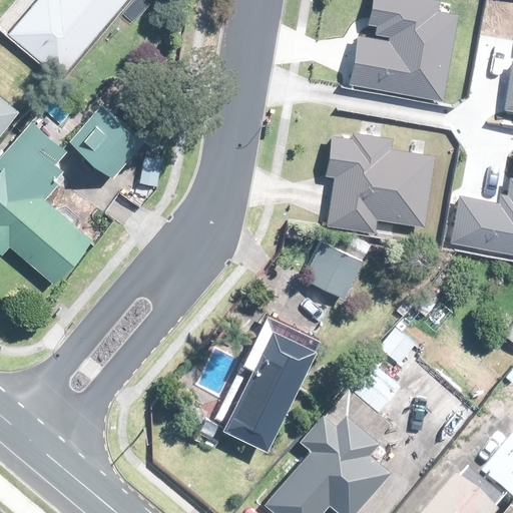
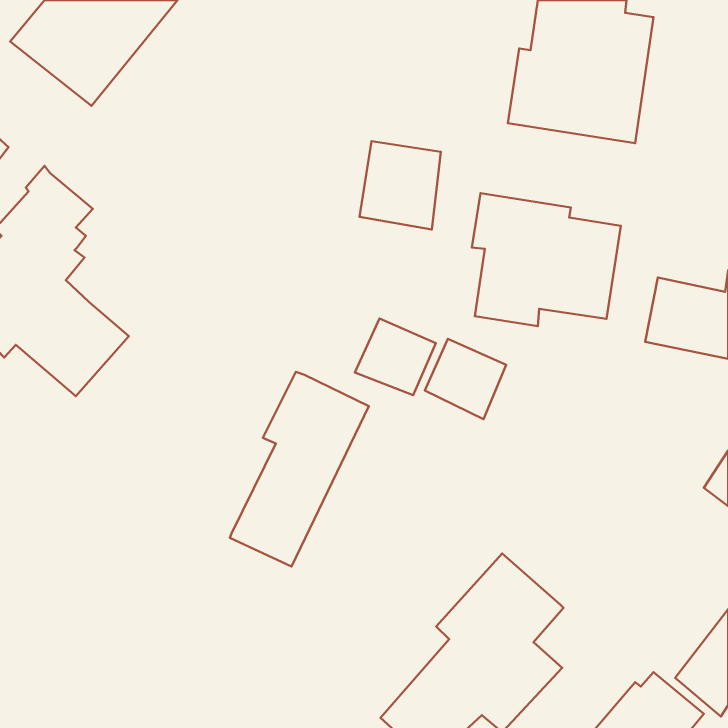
building: none -> [359,141,441,229]
building: [62,103,135,175] -> none
building: none -> [355,319,436,395]
building: [221,315,319,451] -> [230,372,369,566]

